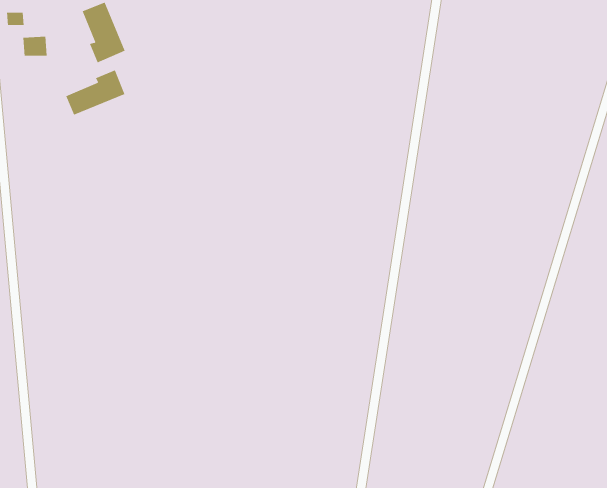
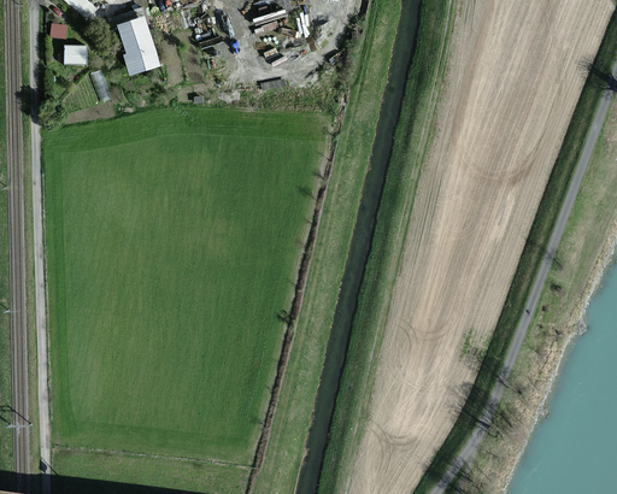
building: [65,69,125,116] -> none

